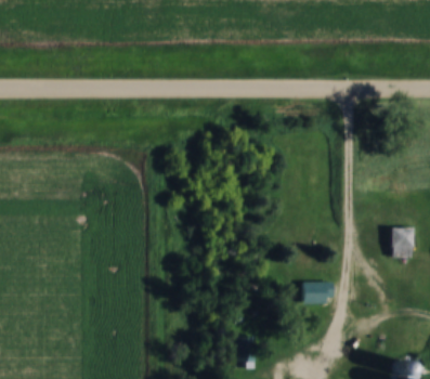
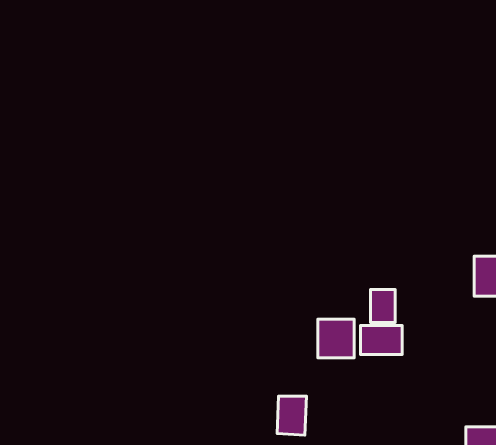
building: none -> [371,289,395,322]
building: none -> [318,319,354,358]

